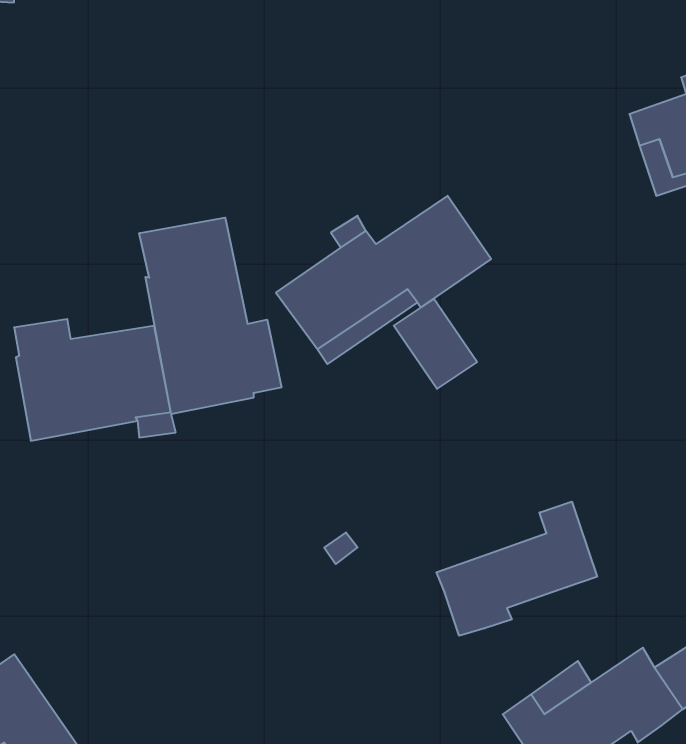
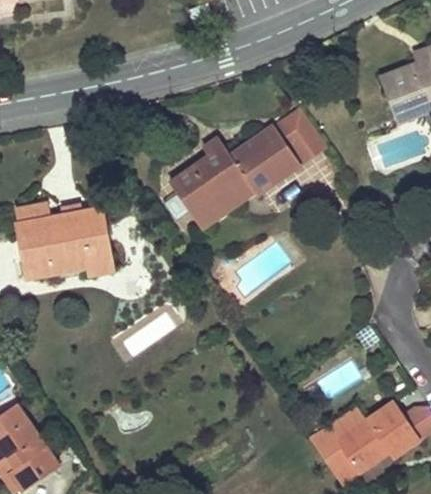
building: [139,218,281,414] -> none
building: [394,299,477,389] -> [276,112,326,166]
building: [436,502,597,636] -> none

